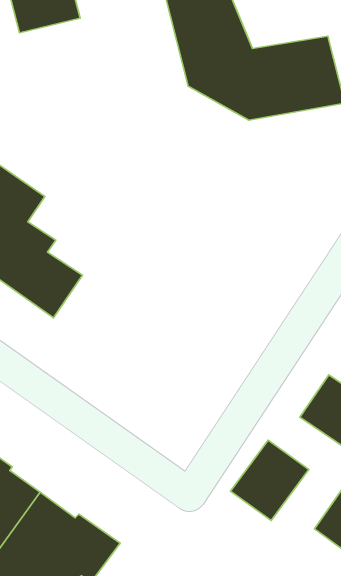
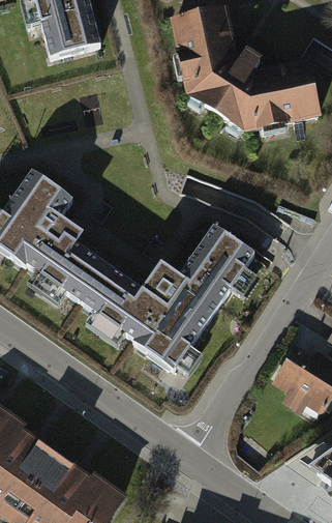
building: none -> [77,226,254,371]
building: [231,440,309,520] -> none

